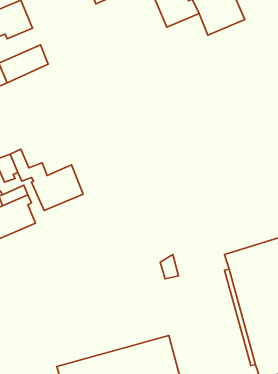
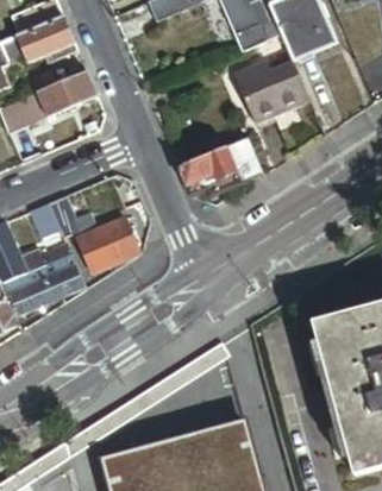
building: none -> [232,58,307,121]
building: none -> [175,137,259,193]

